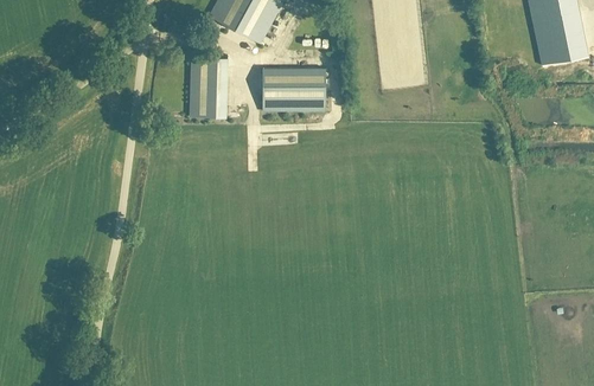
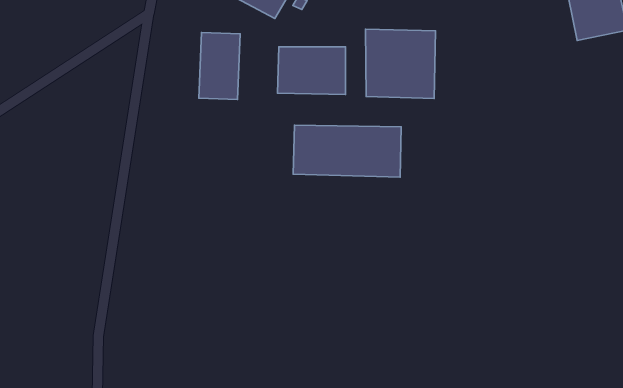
building: none -> [366,29,436,99]
building: none -> [293,125,401,177]

